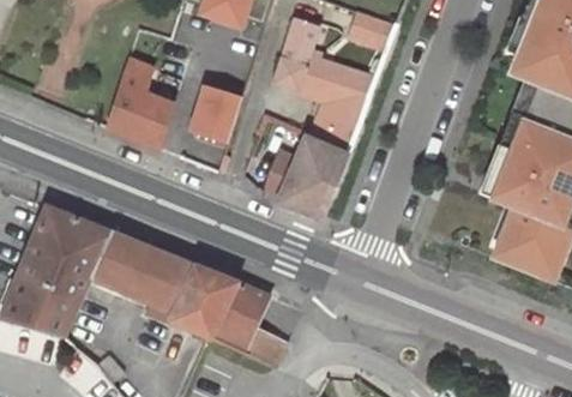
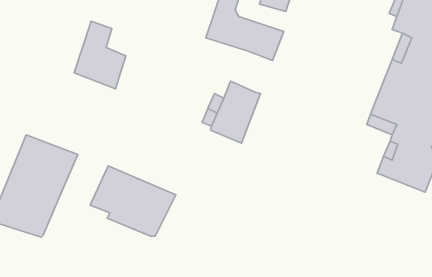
building: [179,79,234,142] -> none
building: [313,100,361,152] -> none
building: [91,231,151,296] -> none
building: [211,283,290,367] -> none

